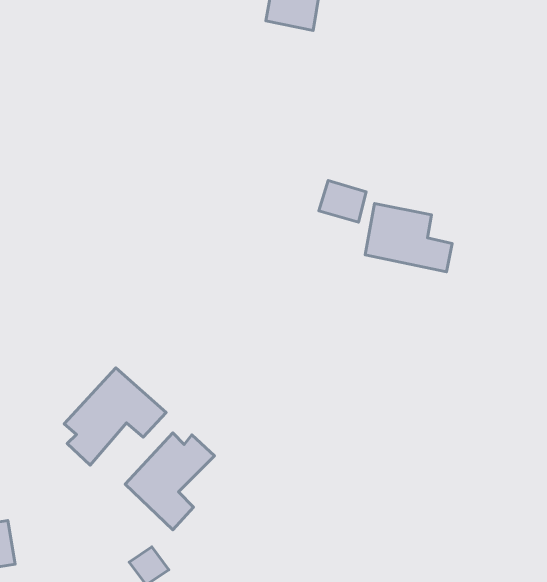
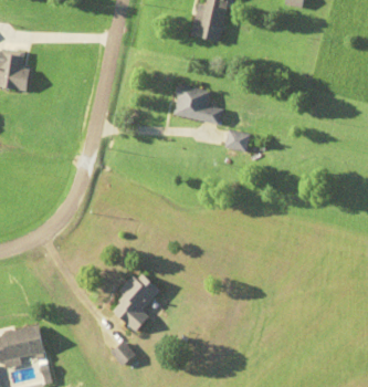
building: [365,203,452,272] -> [172,85,223,125]
building: [64,368,166,465] -> none

